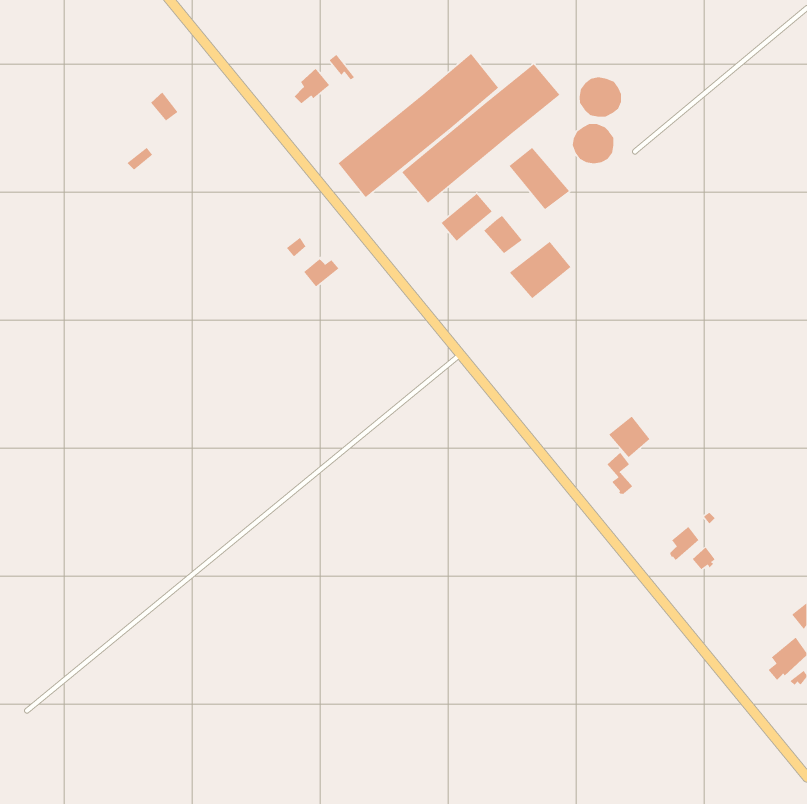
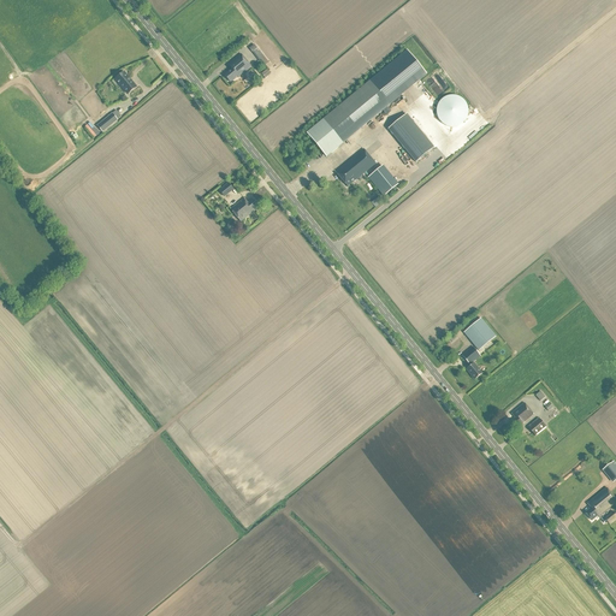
building: [338,53,499,198] -> none
building: [579,77,622,117] -> none
building: [509,241,571,299] -> none

